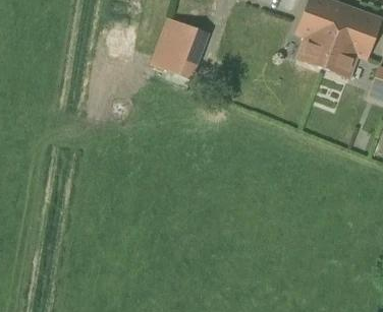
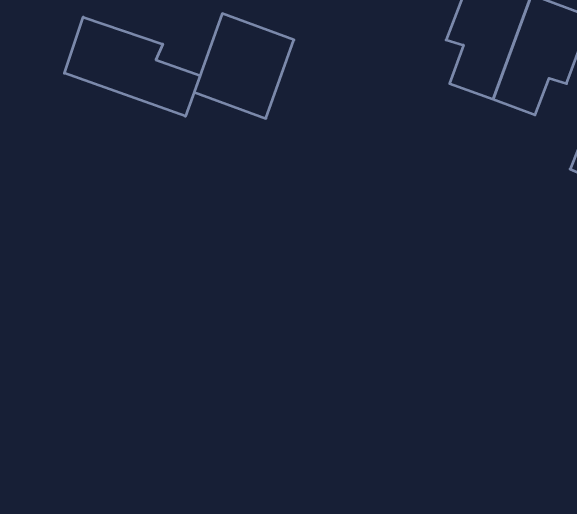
building: none -> [64,17,200,116]

